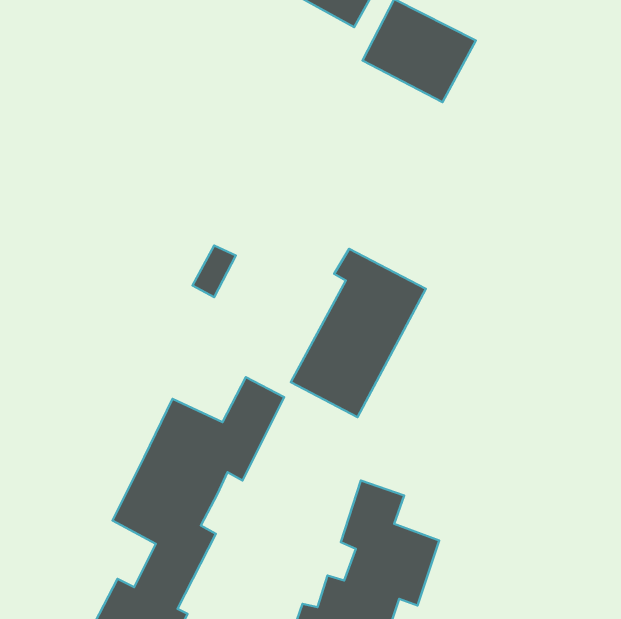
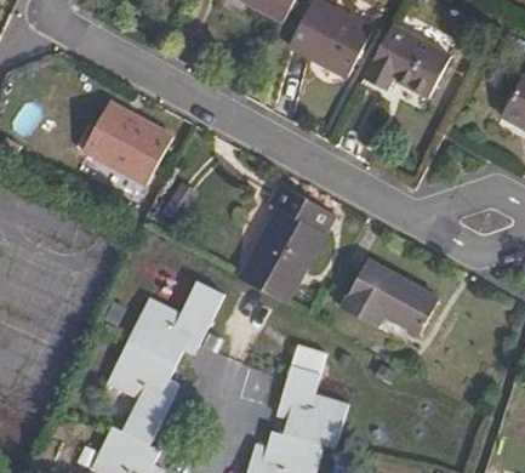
building: none -> [363,29,451,101]
building: none -> [79,108,169,190]
building: none -> [341,263,438,338]

